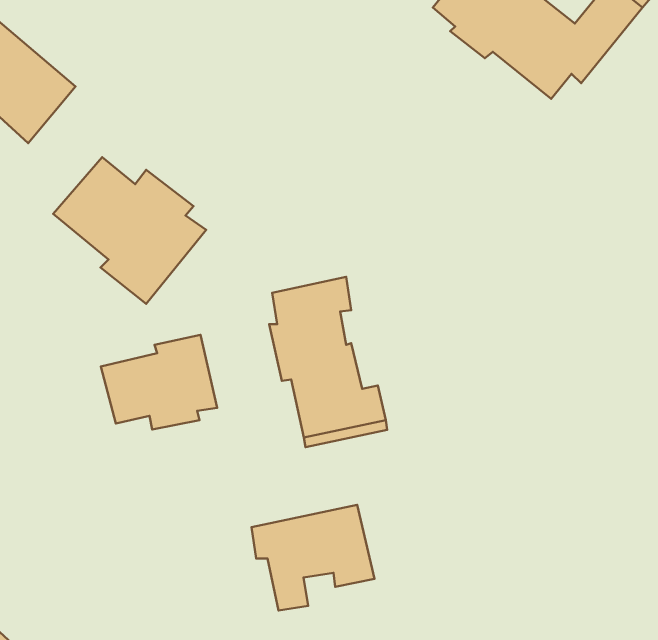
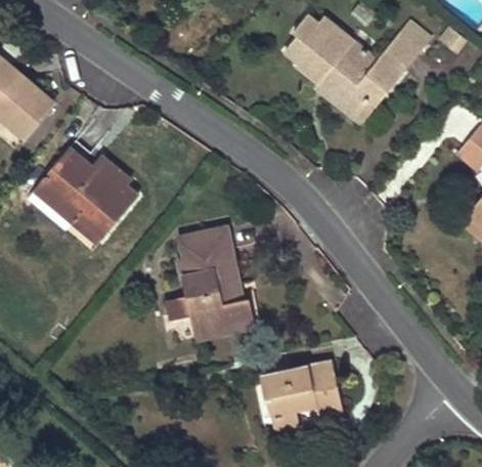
building: [101,335,217,430] -> none
building: [252,505,374,610] -> [263,364,343,432]

